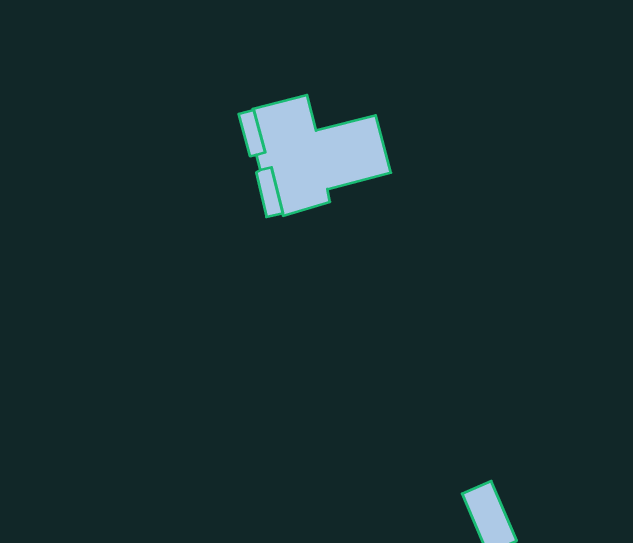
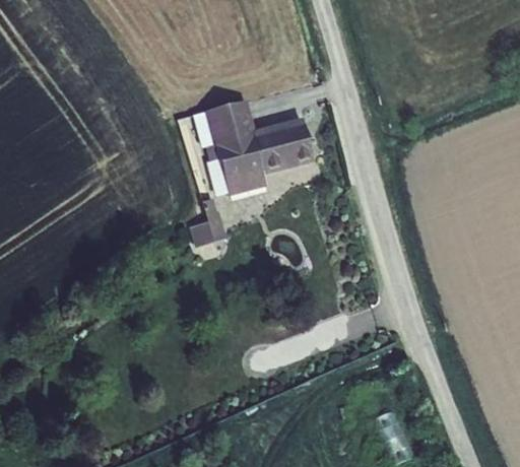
building: none -> [189,198,226,248]

